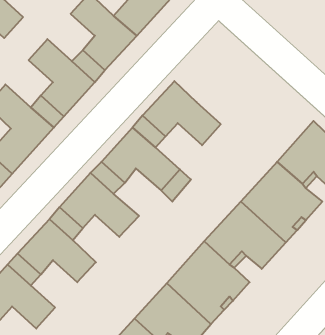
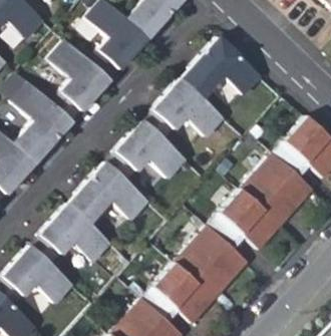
building: none -> [182,37,262,98]

